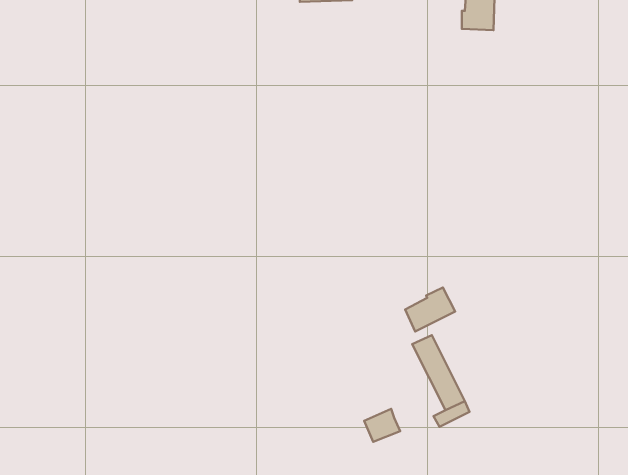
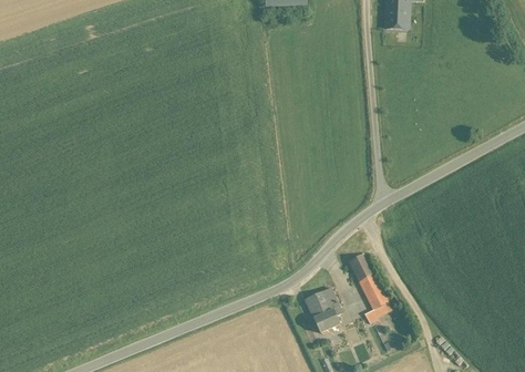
building: [405,288,455,332] -> none
building: none -> [306,286,342,316]

